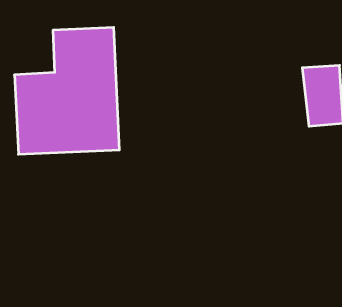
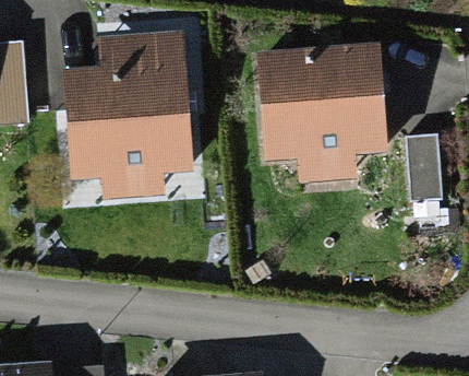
building: none -> [252,47,373,152]

